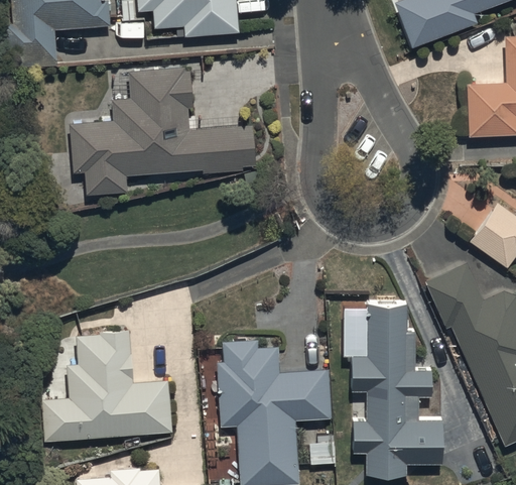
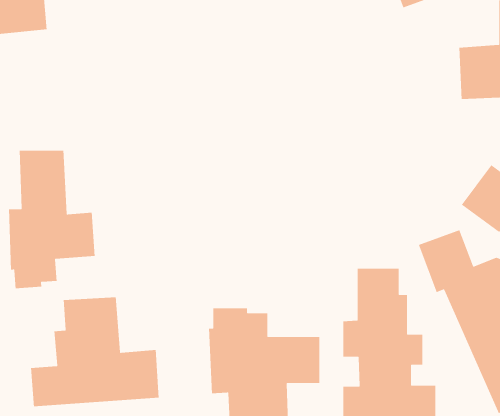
building: [70,71,256,196] -> none
building: none -> [8,150,96,289]

